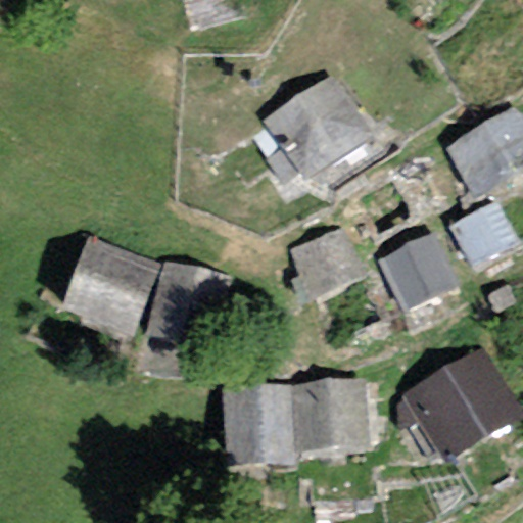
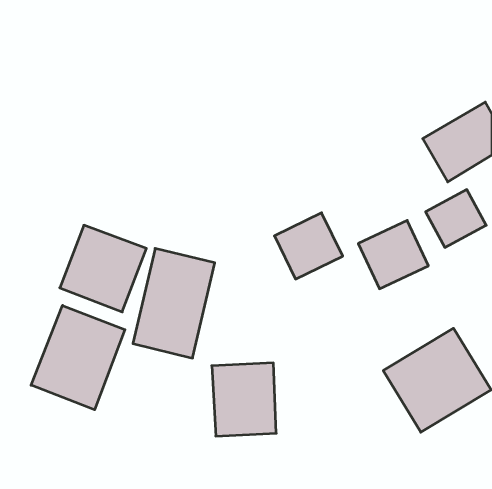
building: [267,77,370,177] -> none
building: none -> [31,305,125,410]
building: [292,379,366,449] -> none

